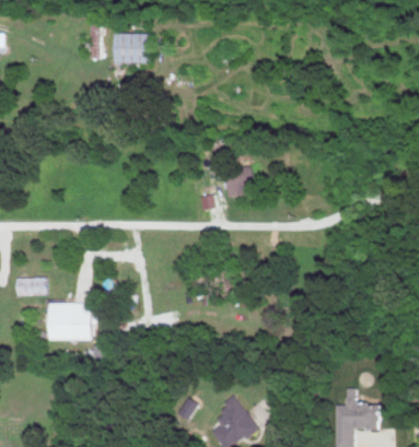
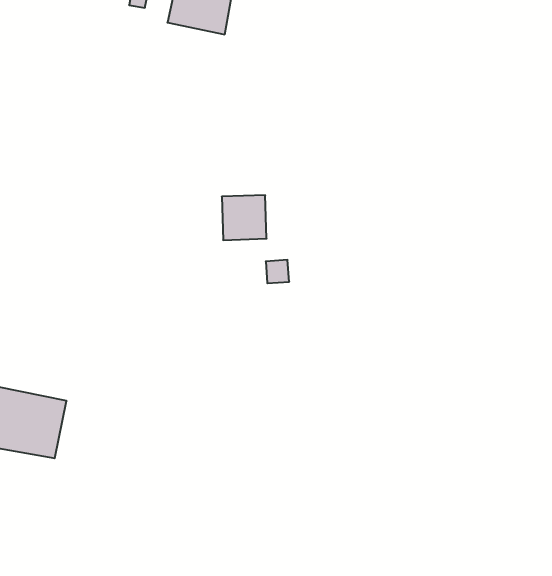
building: [223,166,255,198] -> [222,195,267,240]

